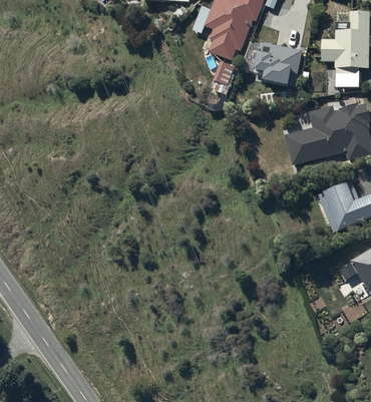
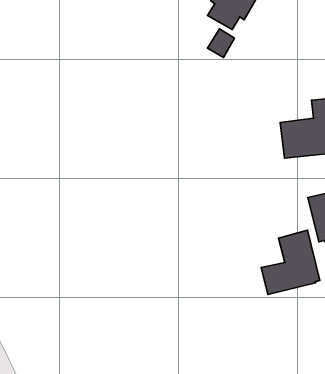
building: [254,41,302,86] -> none
building: none -> [261,230,320,295]

